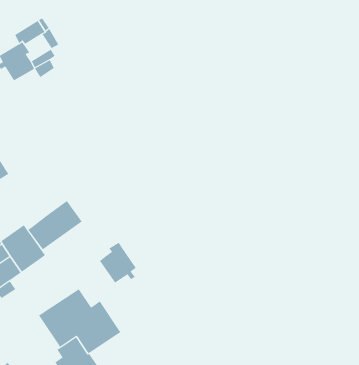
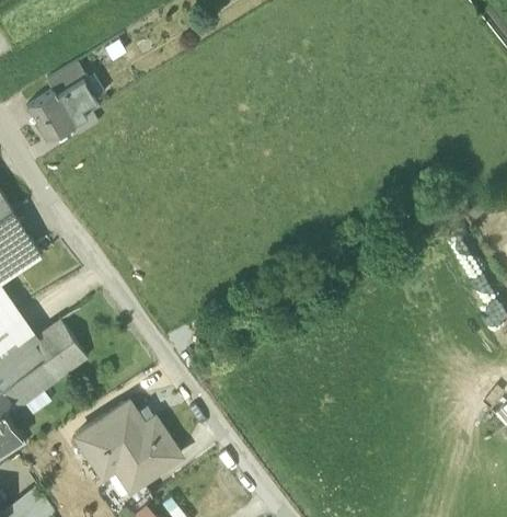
building: none -> [60,81,93,115]
building: [28,200,82,250] -> none
building: [100,242,136,283] -> none

